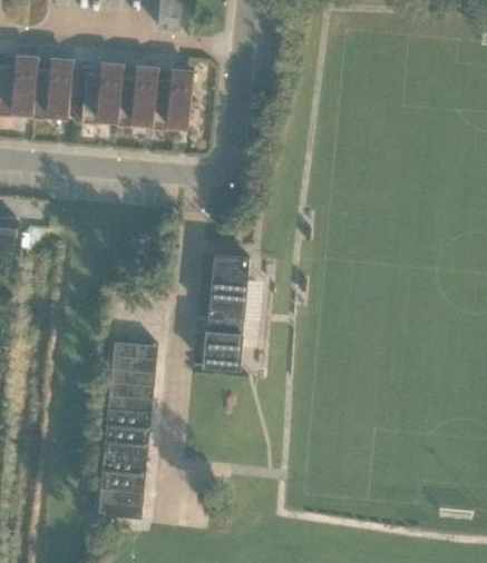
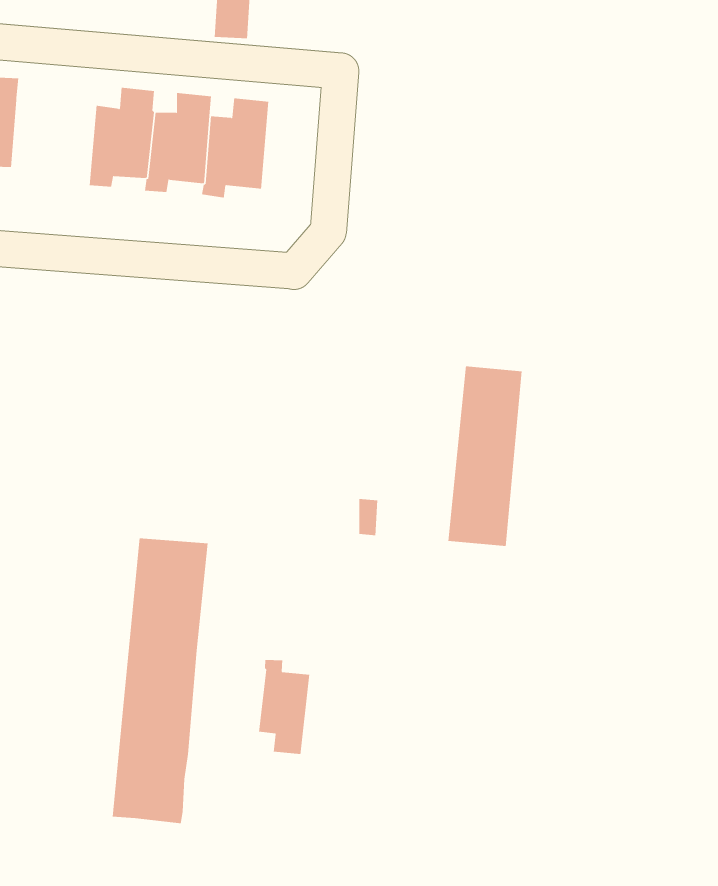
building: [31,58,72,120] -> none
building: [204,258,251,371] -> [447,366,522,546]
building: none -> [259,659,310,755]

